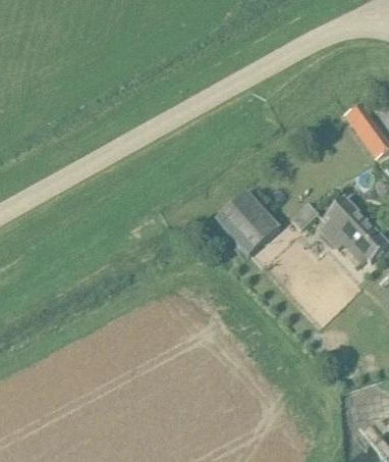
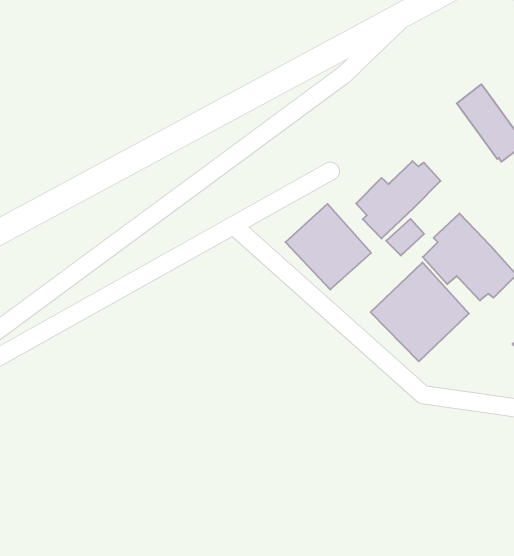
building: none -> [356,161,441,239]
building: none -> [371,262,469,361]

